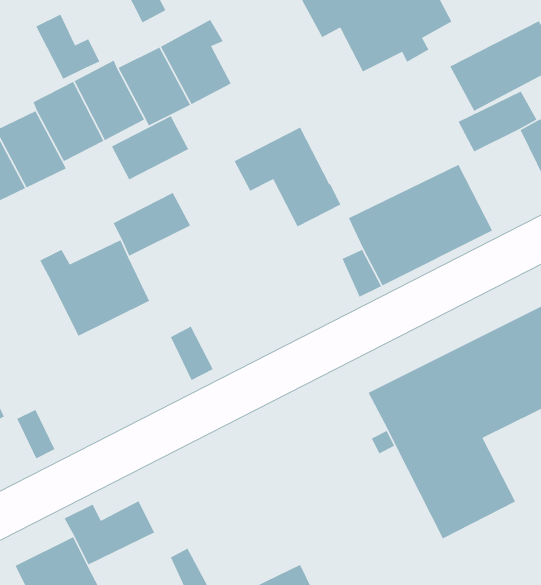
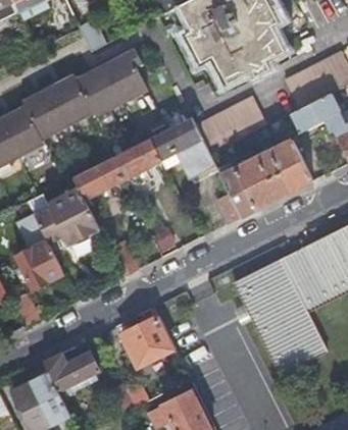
building: [35,13,100,80] -> none
building: none -> [195,94,267,152]
building: [111,115,189,180] -> [111,138,160,178]
building: none -> [15,213,64,289]
building: none -> [120,315,173,366]

